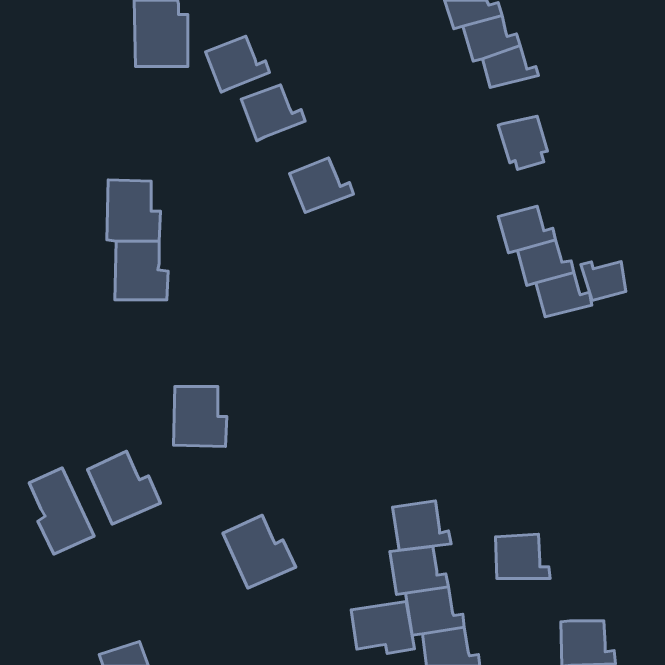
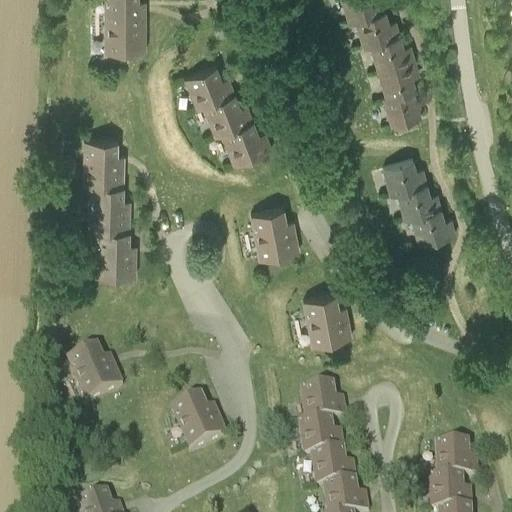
building: [206,36,269,92] -> [204,94,253,137]
building: none -> [377,59,417,96]
building: [581,261,626,301] -> none
building: none -> [251,208,299,259]
building: none -> [303,293,352,344]
building: [173,386,227,446] -> [95,231,136,277]
building: [29,468,94,554] -> none
building: [495,534,550,579] -> [437,443,479,477]
building: [351,601,414,654] -> none

